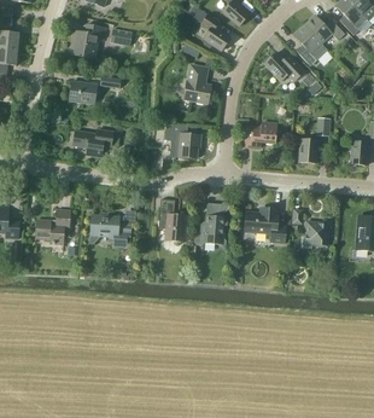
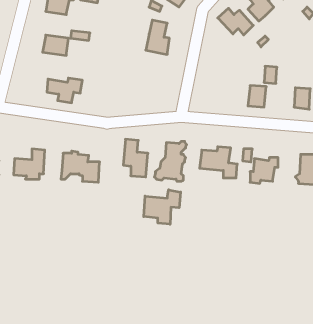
building: [245,121,276,147] -> none
building: [165,126,200,157] -> none
building: none -> [144,190,181,224]

